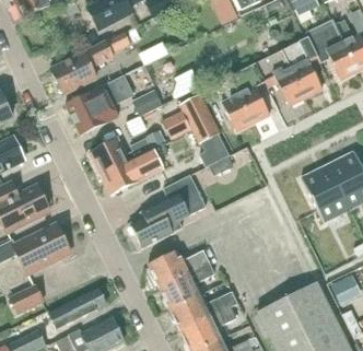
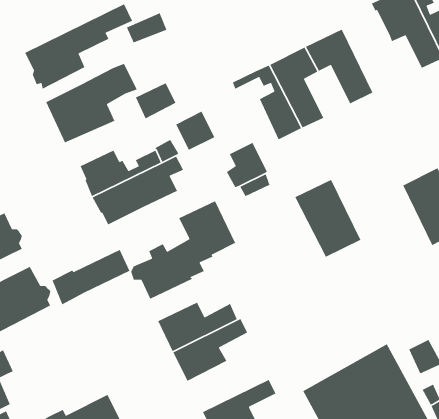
building: [284,36,324,96] -> none
building: [178,92,221,142] -> none
building: [301,164,350,222] -> [294,179,361,258]
building: [49,288,107,329] -> [51,249,131,305]
building: [171,290,238,330] -> none

